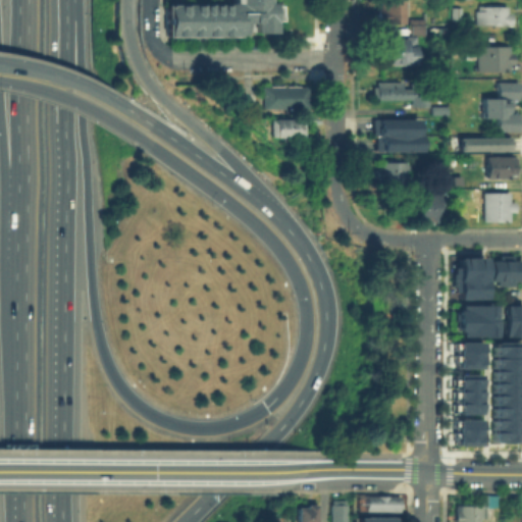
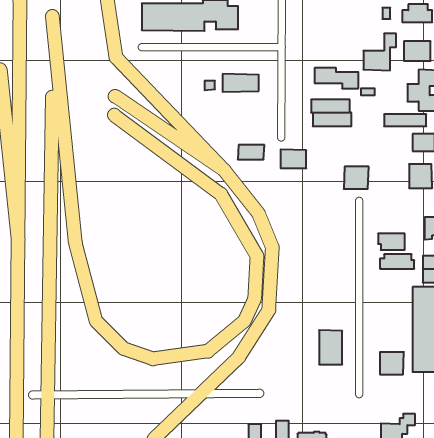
building: [386,5,411,27] -> none
building: [390,21,429,65] -> [363,34,396,70]
building: [275,122,307,140] -> [238,145,264,159]
building: [383,165,414,188] -> [281,149,306,168]
building: [455,256,486,278] -> none
building: [493,259,510,285] -> none
building: [459,320,499,337] -> none
building: [457,342,485,368] -> none
building: [457,373,484,414] -> [319,330,342,364]
building: [362,495,401,510] -> none

